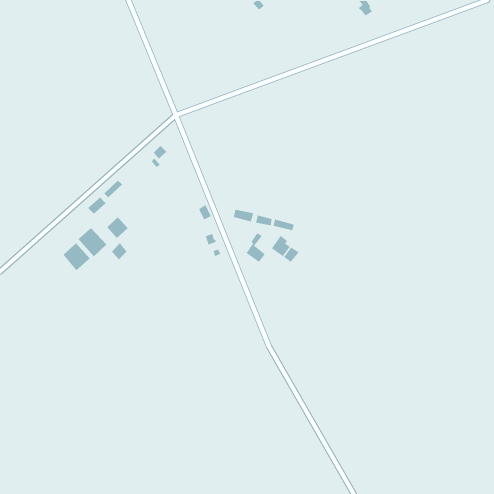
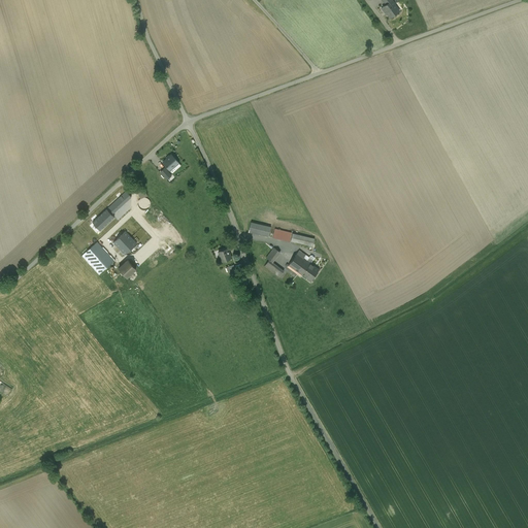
building: [63,242,91,271] -> none

